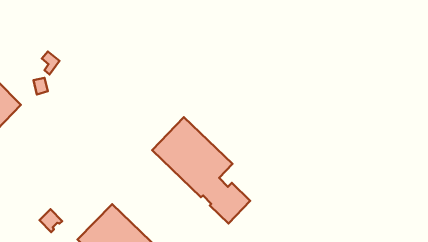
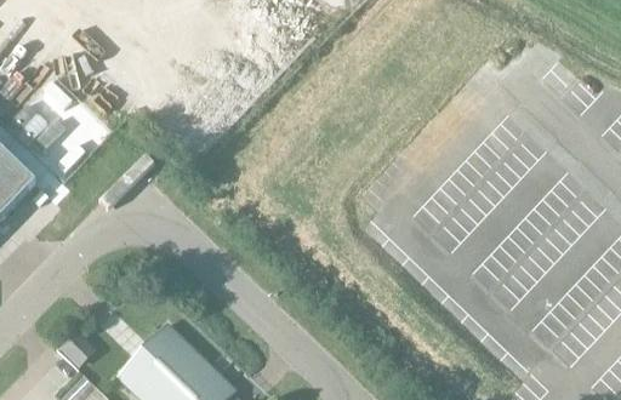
building: [152,117,250,224] -> none

